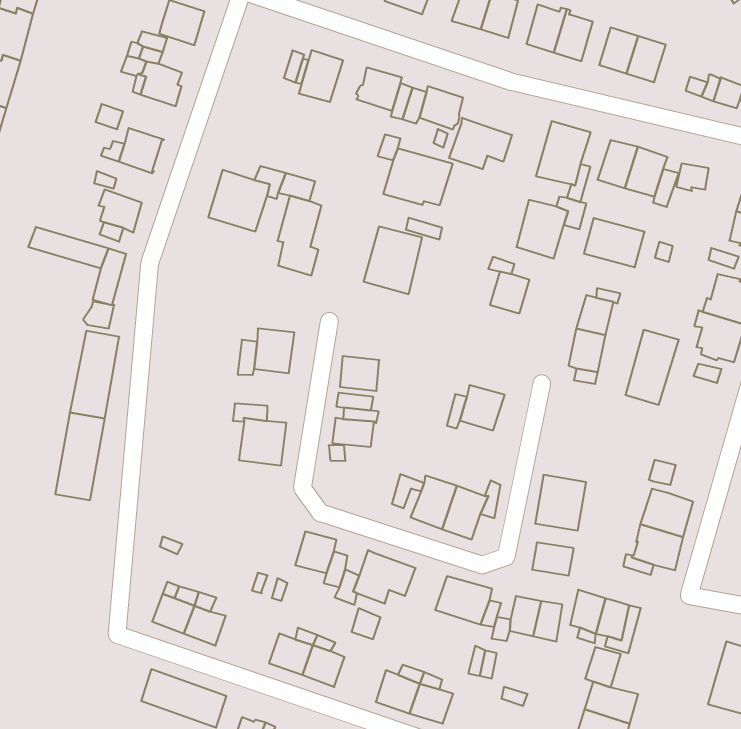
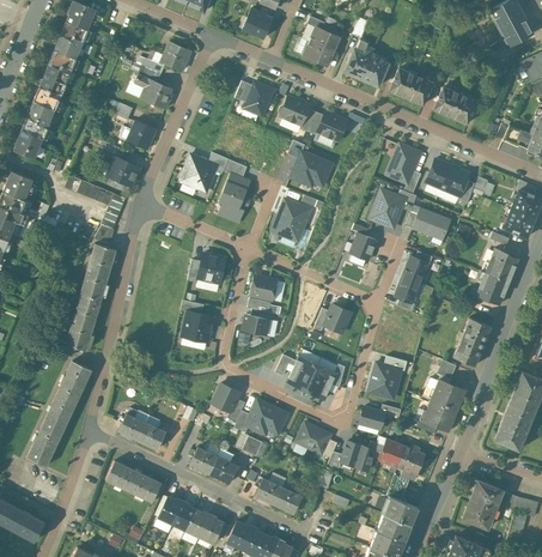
building: [449,118,512,169] -> none
building: [625,330,679,405] -> [455,319,492,367]
building: none -> [28,362,91,466]

